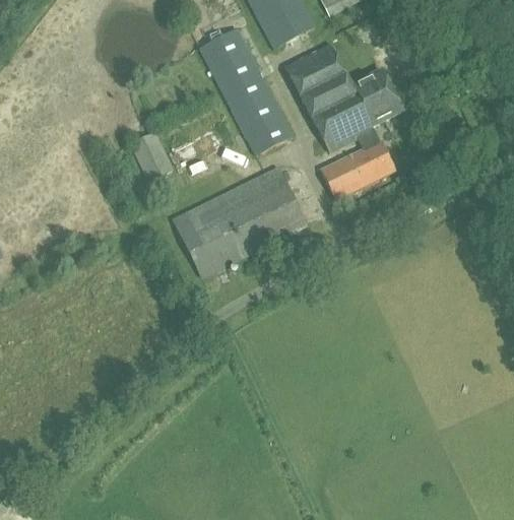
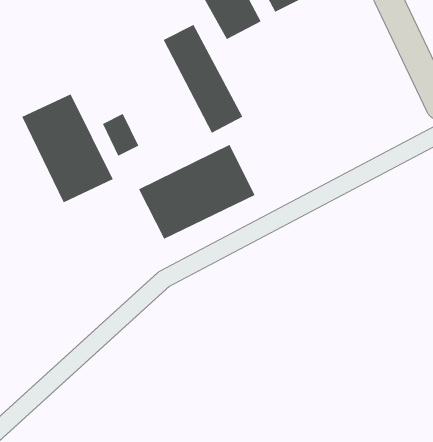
building: [285,42,402,199] -> none
building: none -> [21,93,113,203]

